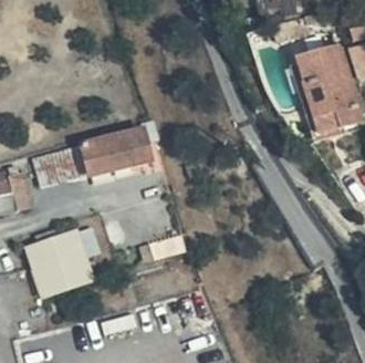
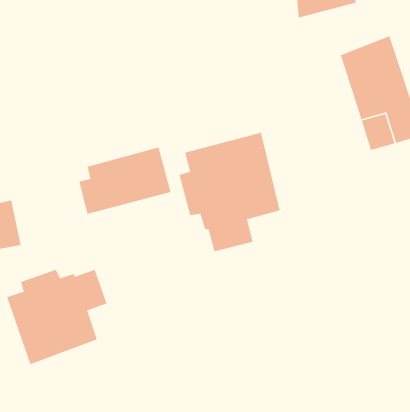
building: none -> [179,132,281,252]
building: [34,145,87,189] -> none

